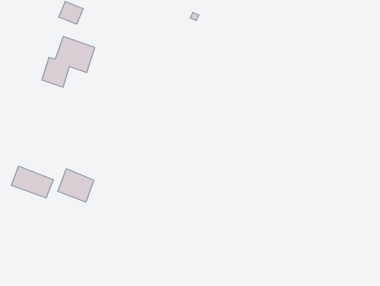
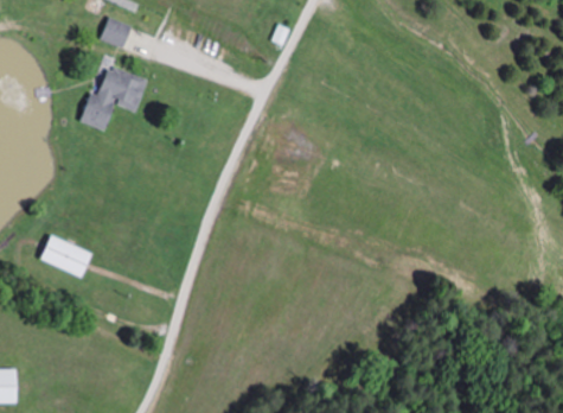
building: [58,169,94,202] -> none

